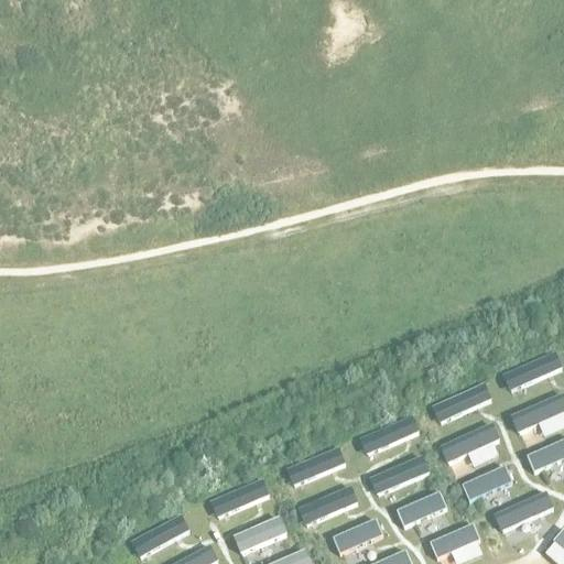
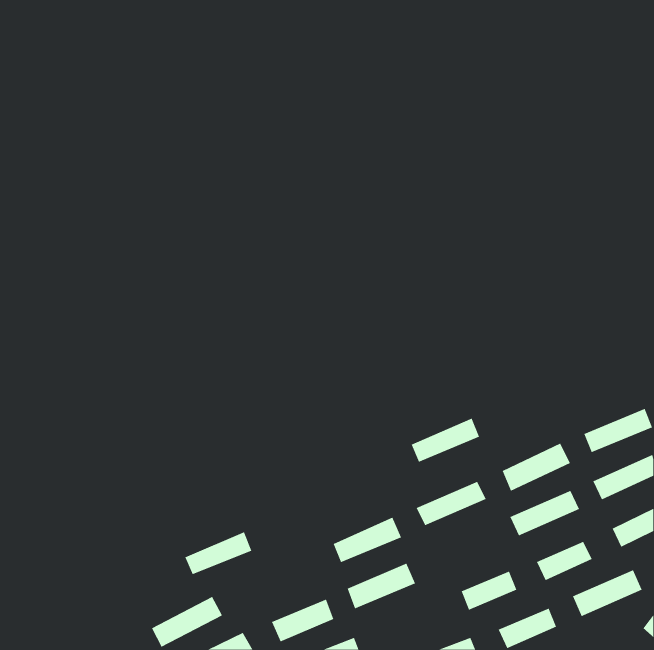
building: [369,455,429,494] -> [411,418,480,463]
building: [210,478,269,516] -> [184,531,252,575]
building: [333,519,382,553] -> none

